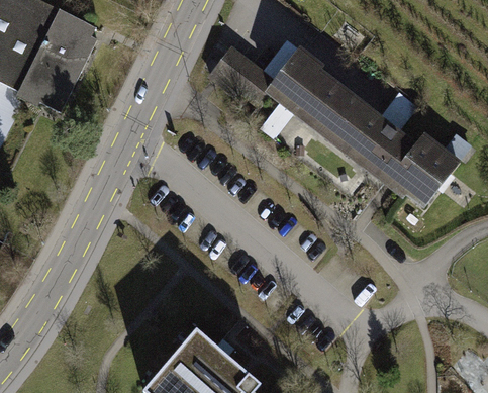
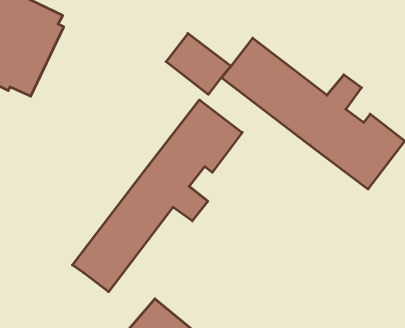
building: none -> [72,100,242,292]

